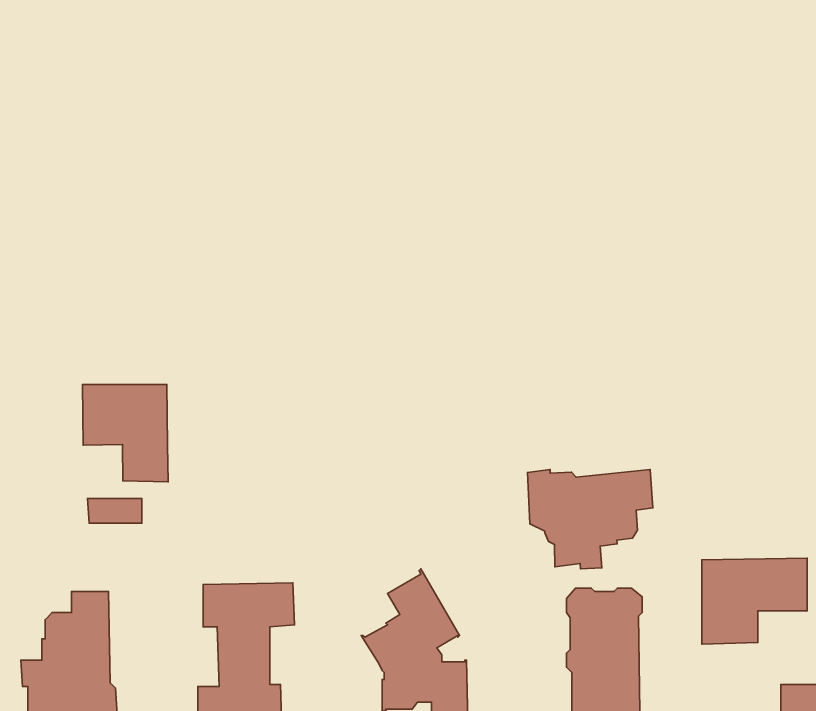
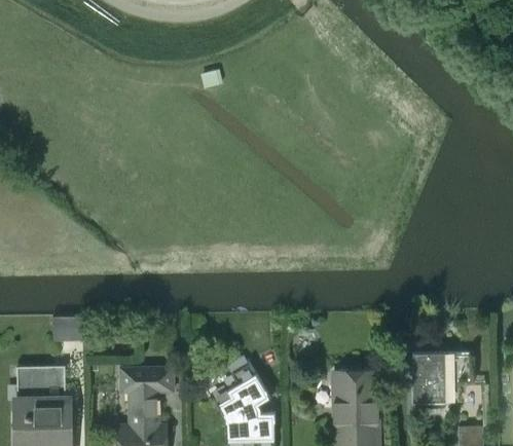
building: [82,385,168,482] -> none
building: [527,469,653,569] -> none

